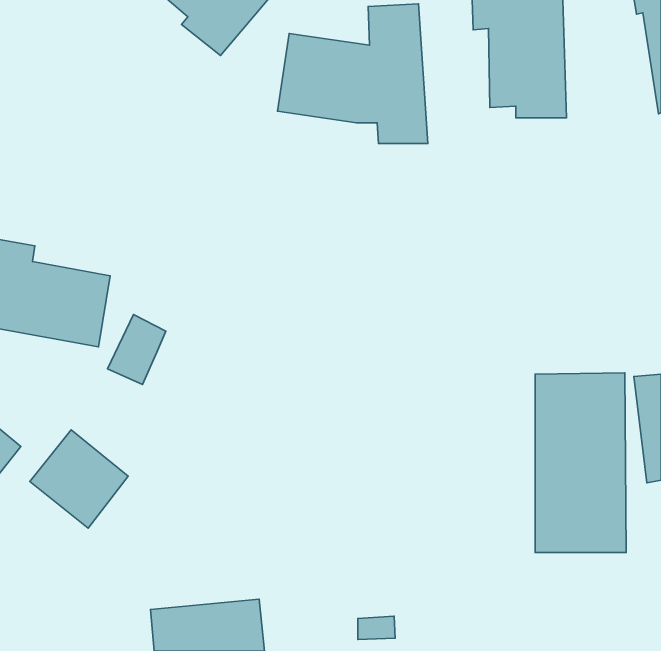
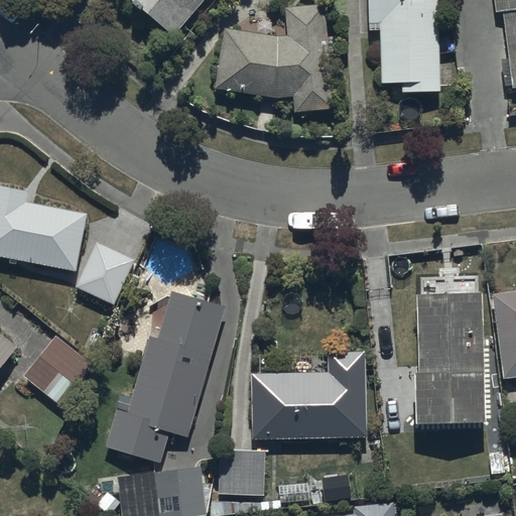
building: none -> [105,291,225,461]
building: none -> [252,357,366,438]
building: none -> [217,447,265,496]

